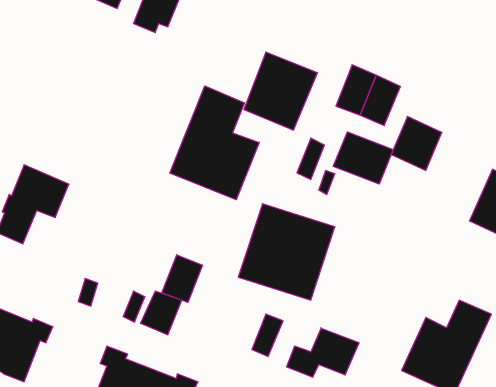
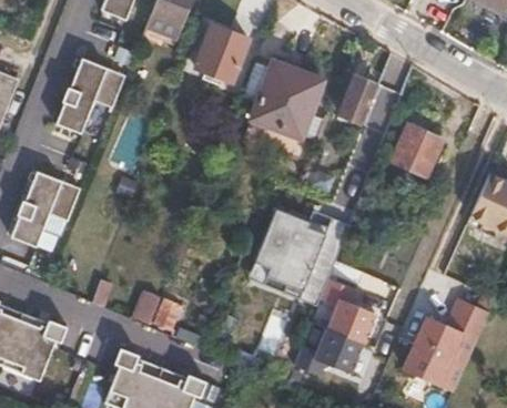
building: none -> [197,24,249,81]
building: none -> [58,55,128,132]
building: [170,86,259,200] -> none
building: [333,132,393,184] -> none
building: [162,255,202,302] -> none
building: none -> [318,278,375,343]

